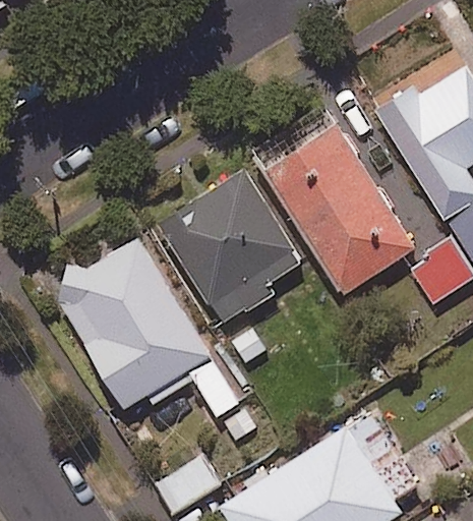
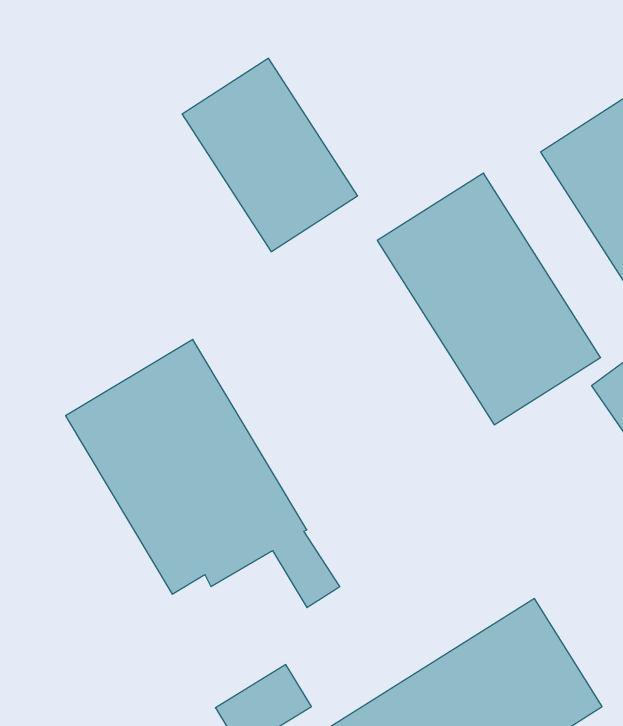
building: none -> [182,58,357,252]
building: [158,170,306,325] -> none

